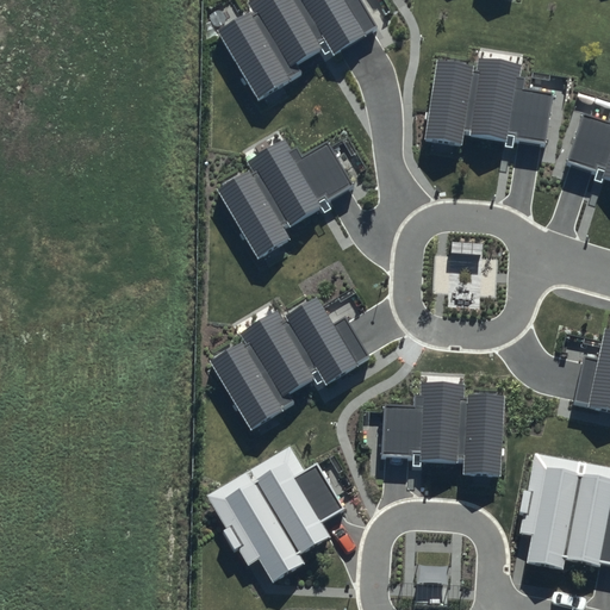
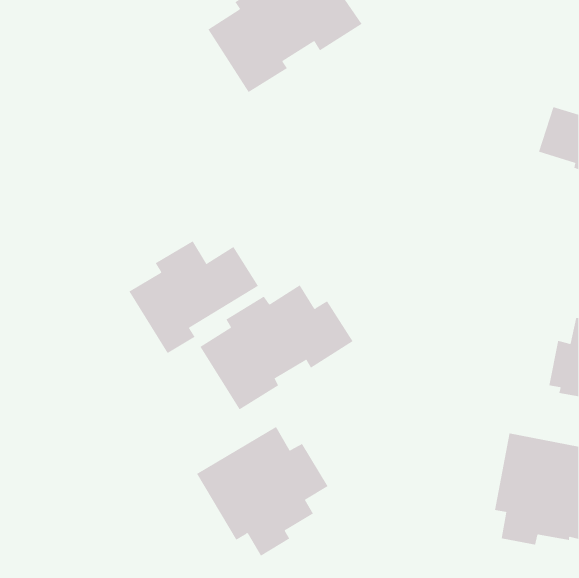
building: [424,57,556,144] -> none
building: [217,136,354,255] -> [129,241,259,354]
building: [382,386,504,479] -> none

